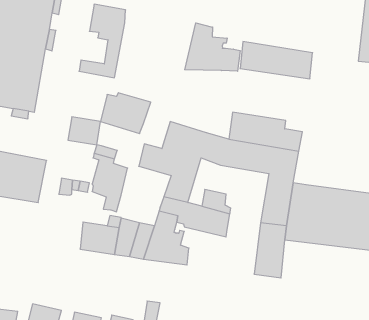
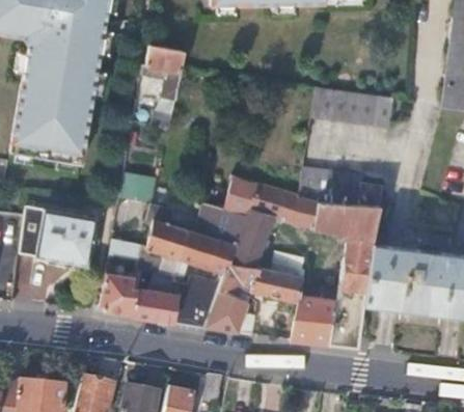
building: [185,23,240,71] -> none
building: [101,93,151,134] -> [180,225,236,271]
building: none -> [102,273,137,318]
building: none -> [292,286,335,346]

